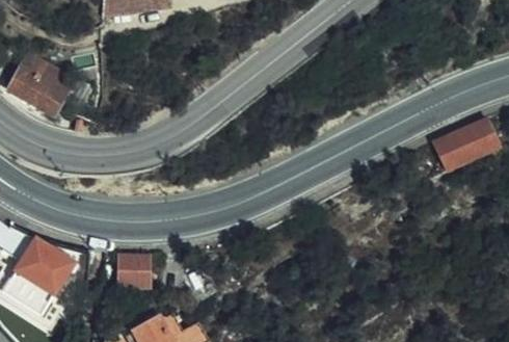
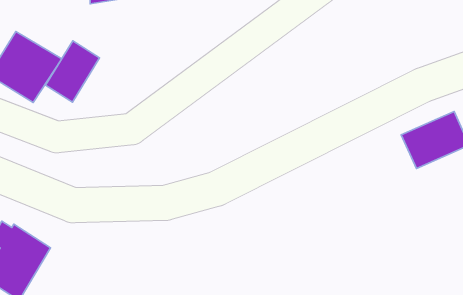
building: none -> [45,41,100,102]
building: [115,254,149,284] -> none

